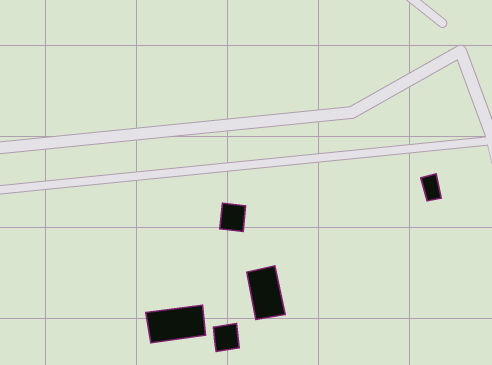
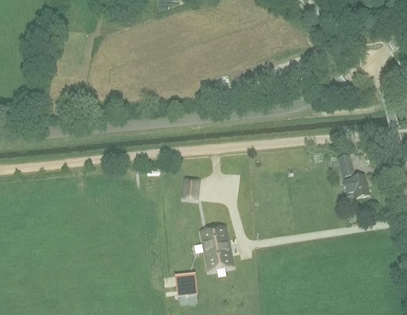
building: none -> [343,174,368,197]
building: [146,305,206,343] -> none

